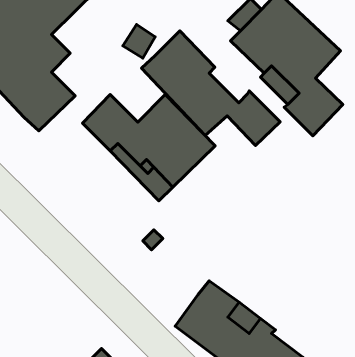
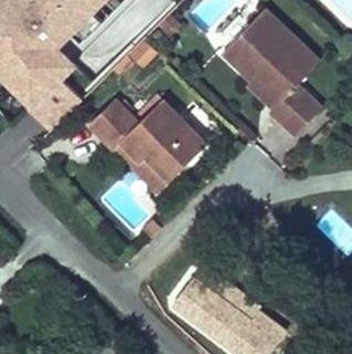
building: [141,31,280,146] -> none

